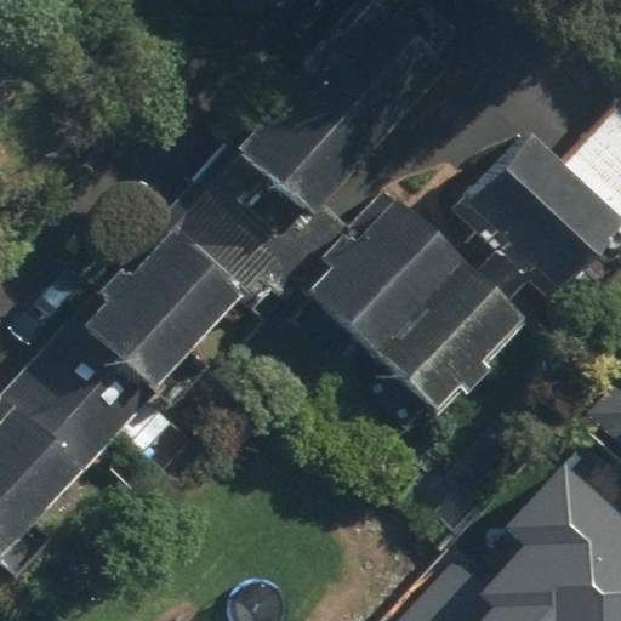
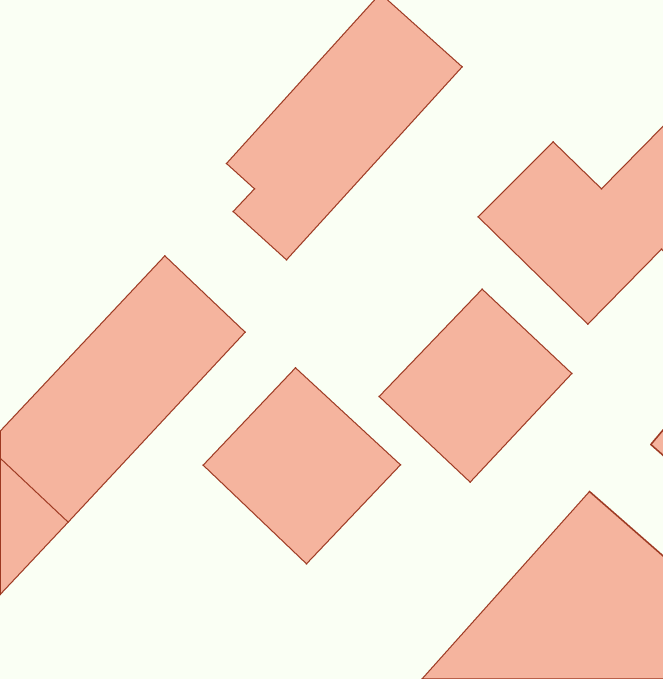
building: [295,198,456,359] -> none
building: none -> [203,368,400,564]

